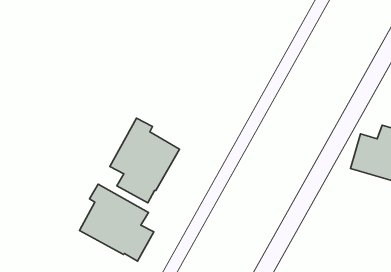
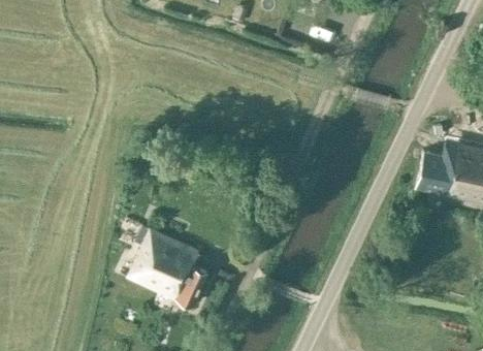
building: [110,118,179,203] -> none

